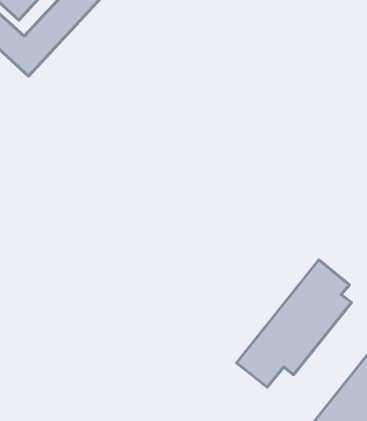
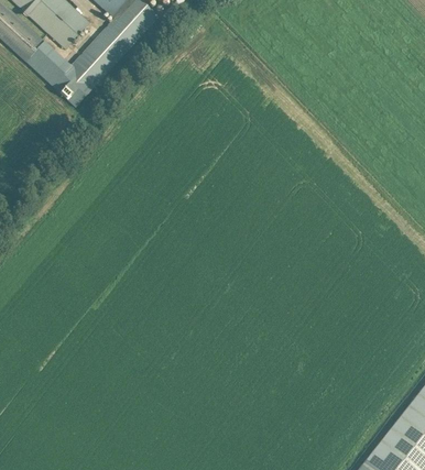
building: [237,260,351,387] -> none

